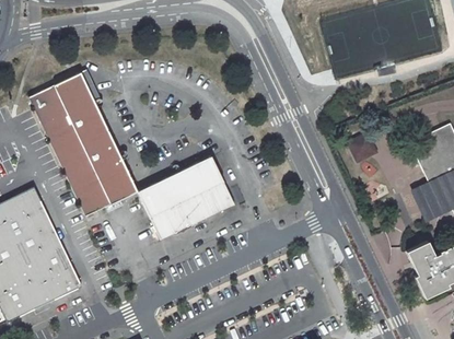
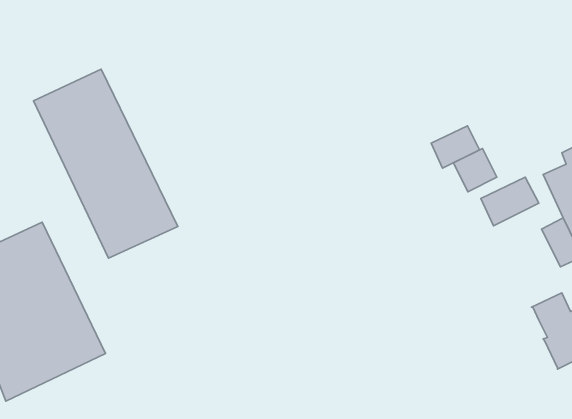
building: none -> [431,126,480,168]
building: none -> [481,177,539,226]
building: [137,153,234,238] -> none

